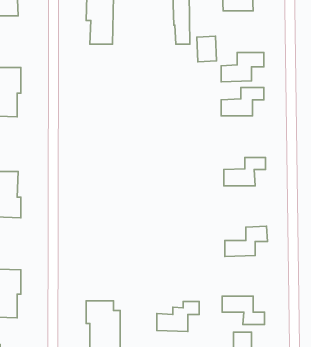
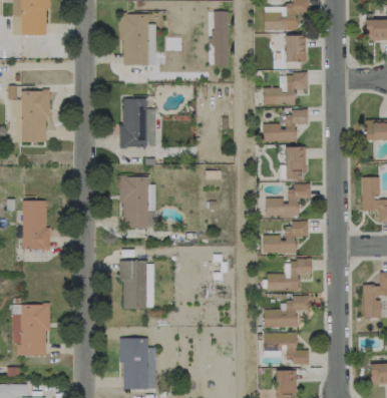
building: [197,36,217,62] -> [285,35,306,62]
building: none -> [119,98,155,147]
building: none -> [285,146,306,179]
building: none -> [119,176,148,228]
building: none -> [263,223,308,254]
building: none -> [119,262,153,309]
building: [157,301,199,332] -> [264,296,309,328]

